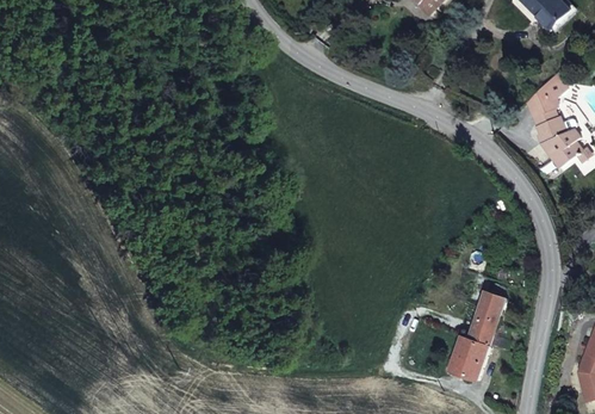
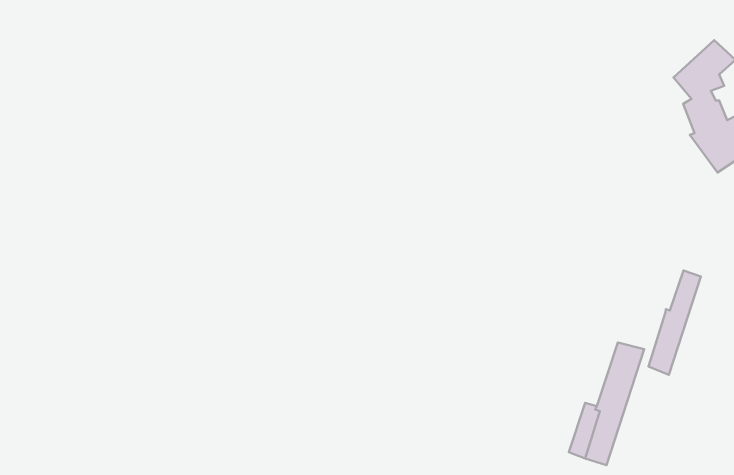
building: none -> [648,271,701,375]

